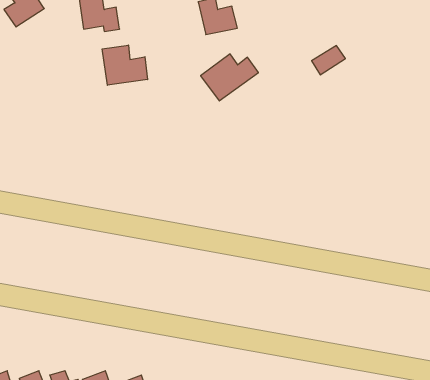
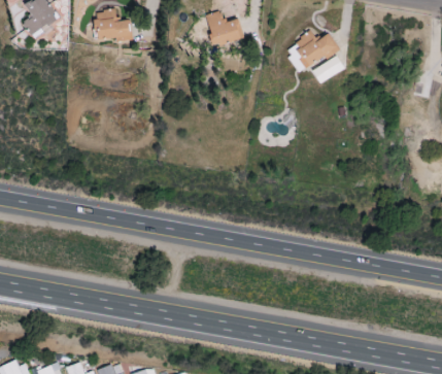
building: [102,45,148,85] -> none
building: [201,54,258,101] -> [284,30,339,74]

